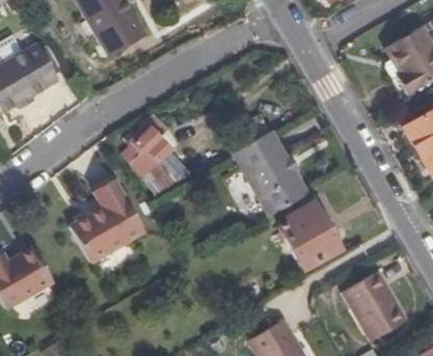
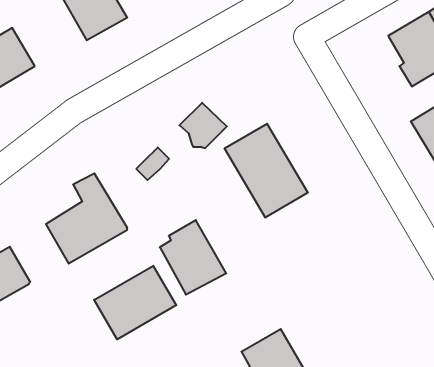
building: [128,131,171,172] -> [179,103,227,148]
building: [280,201,342,270] -> [160,220,226,295]
building: none -> [94,266,176,339]
building: [344,272,407,340] -> none

